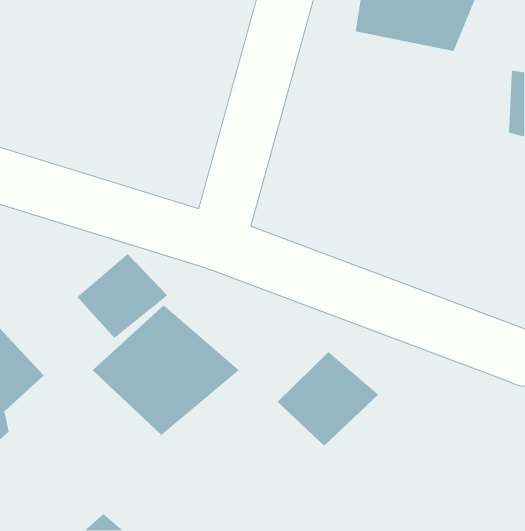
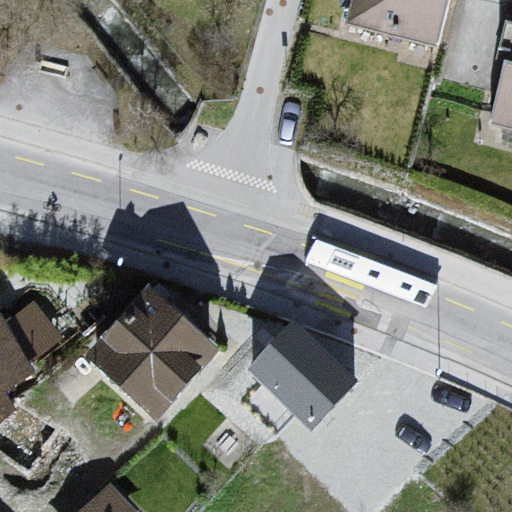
building: [76,253,168,339] -> none

